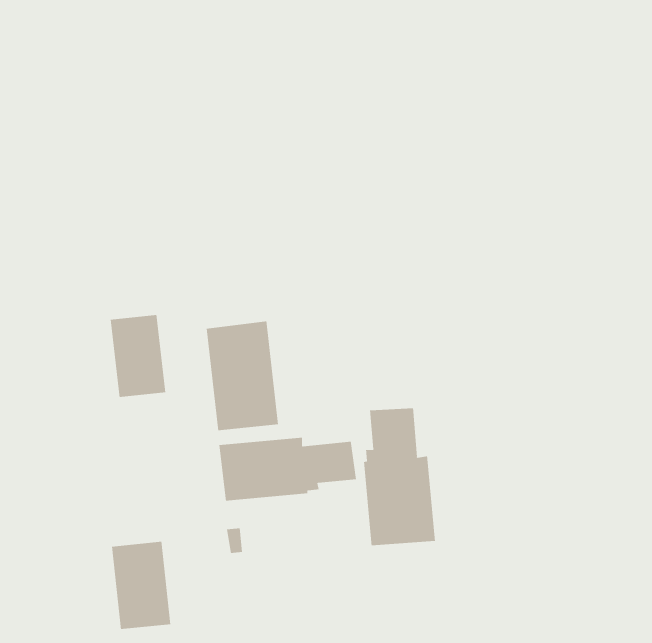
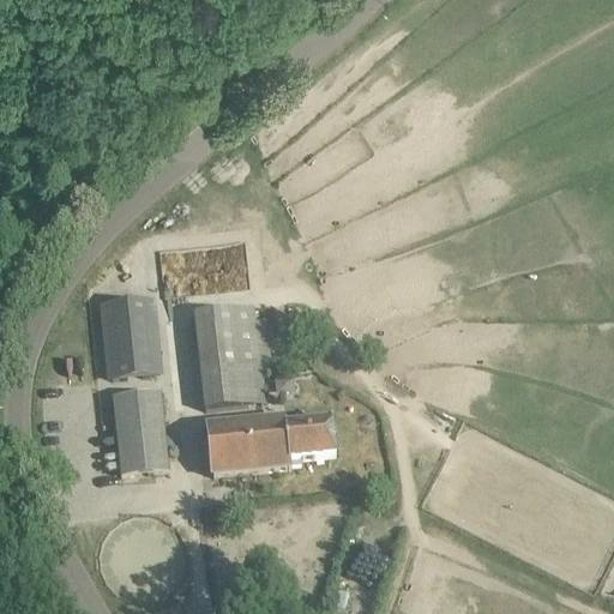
building: [363,407,436,546] -> none
building: [111,541,171,629] -> [110,387,167,470]

